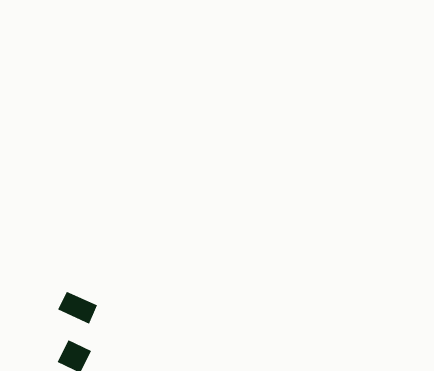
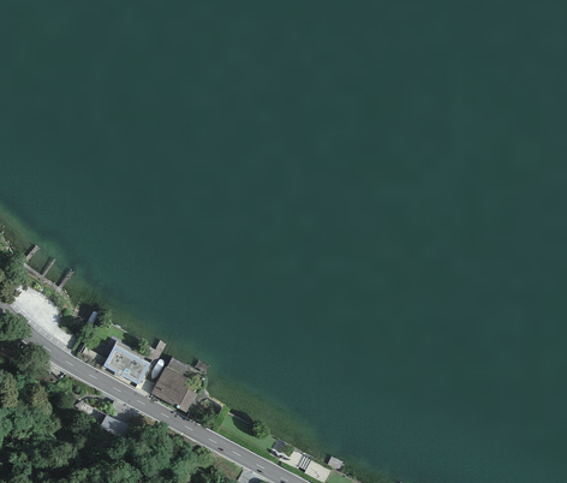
building: none -> [150,364,196,411]

